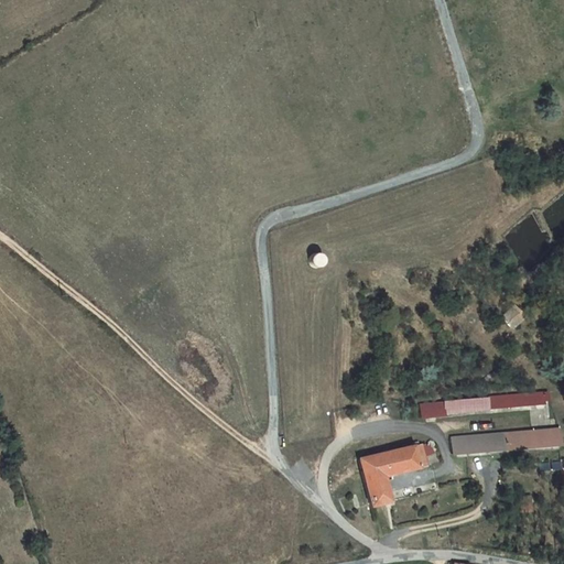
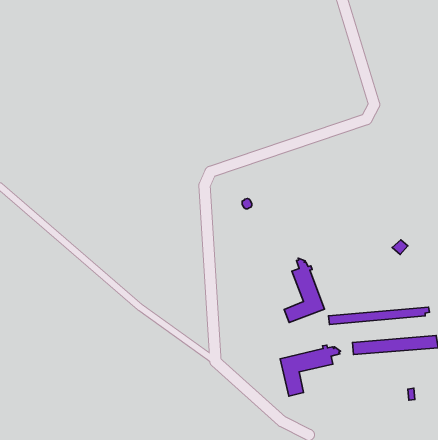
building: none -> [284,258,324,323]

